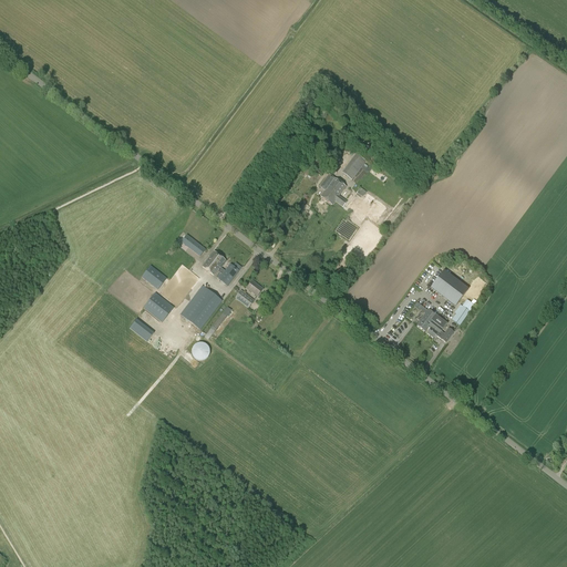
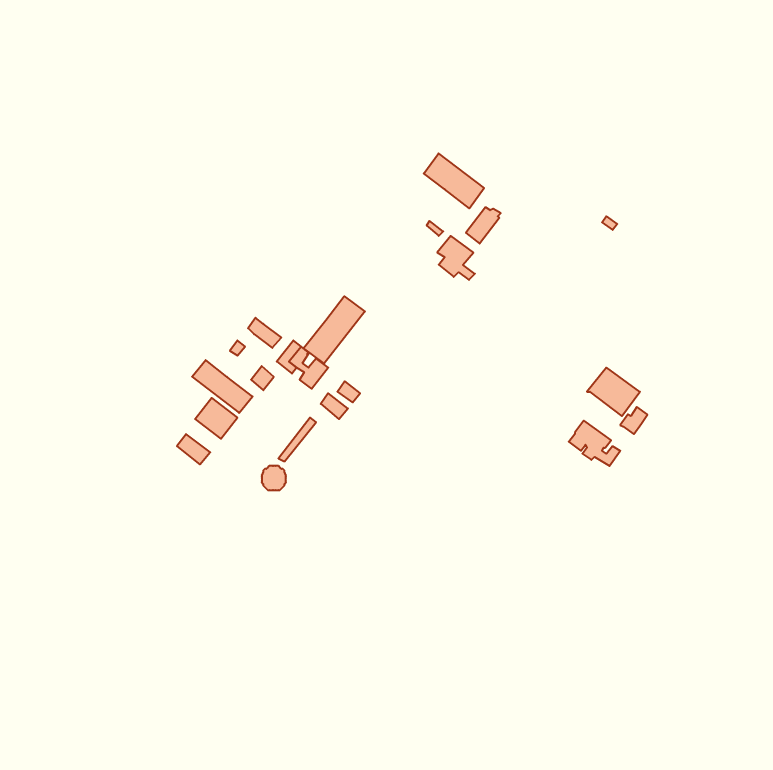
building: none -> [424,153,484,208]
building: none -> [303,296,365,364]
building: [179,284,223,329] -> none

